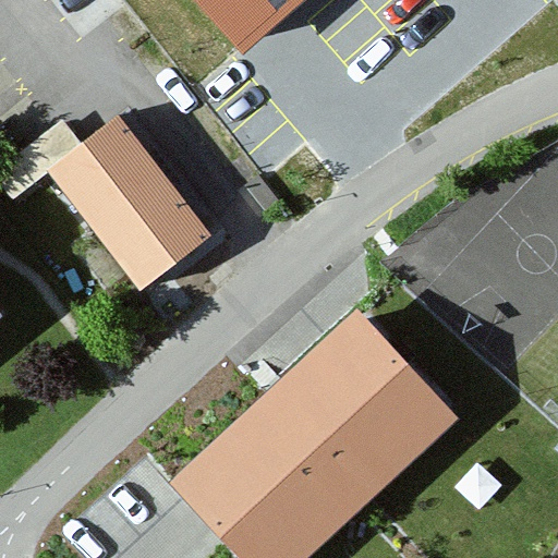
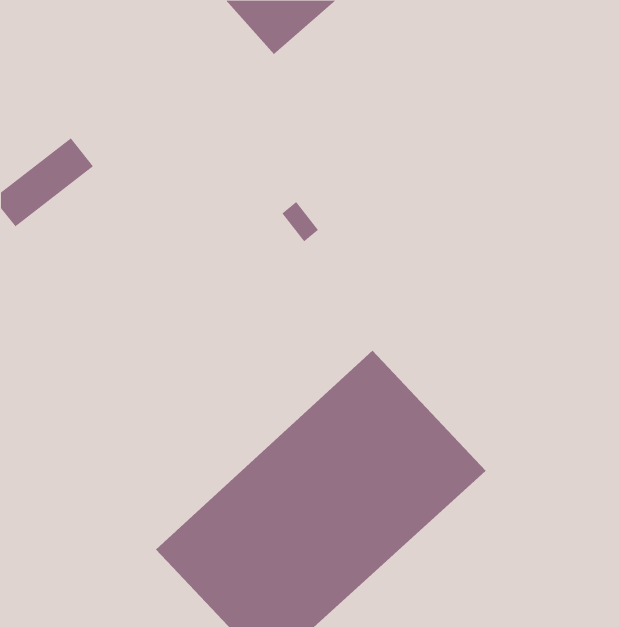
building: [66,140,226,308] -> none

